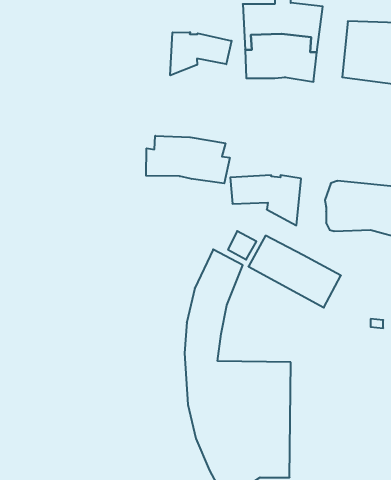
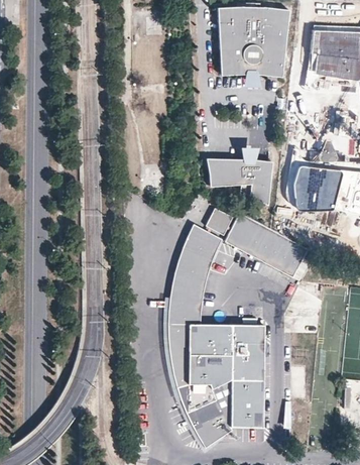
building: [170,32,232,75] -> none
building: [146,136,230,183] -> none

